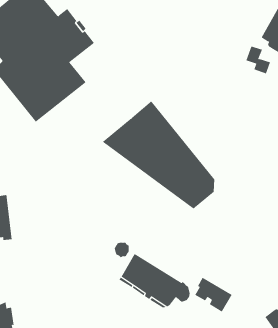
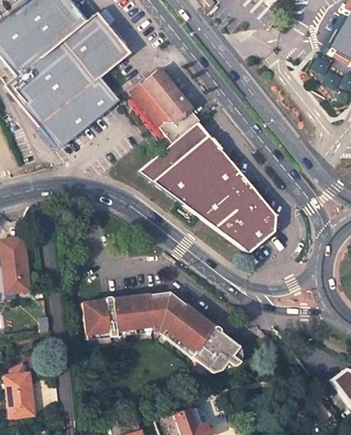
building: none -> [130,68,200,143]
building: none -> [79,291,150,336]
building: [195,277,233,313] -> none

